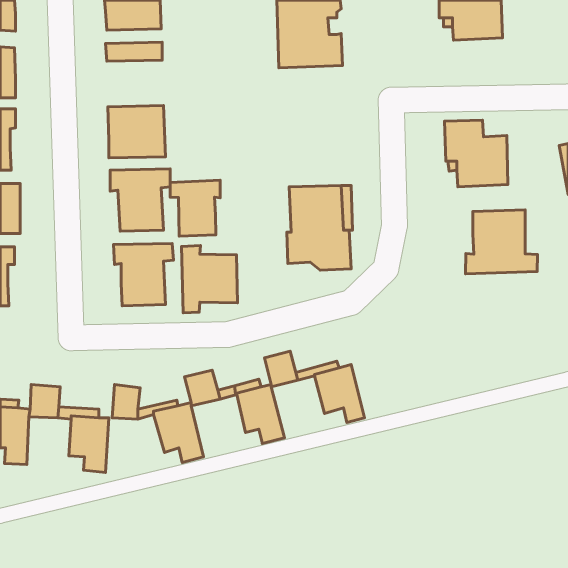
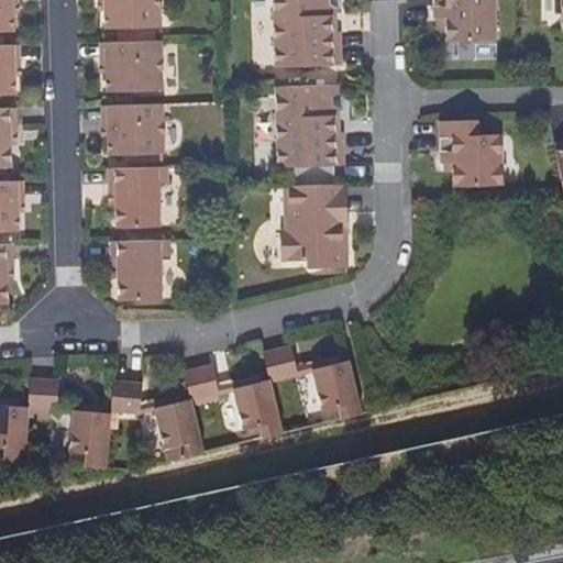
building: none -> [106,59,162,96]
building: none -> [276,82,344,166]
building: [170,180,220,236] -> none
building: [466,210,537,274] -> none
building: [181,246,238,313] -> none

